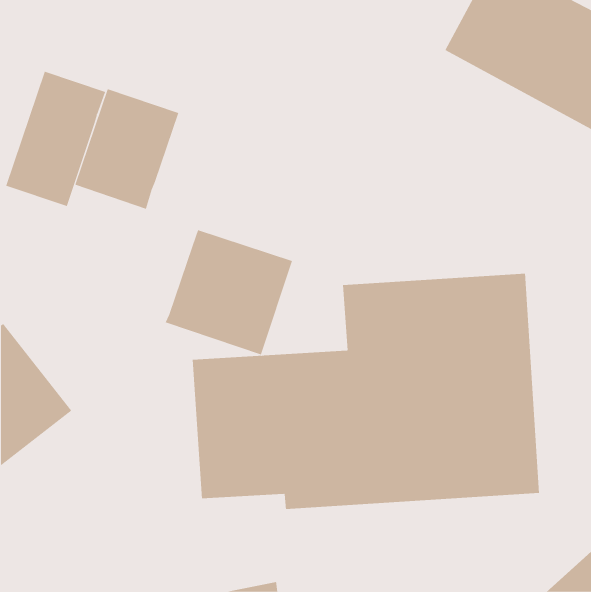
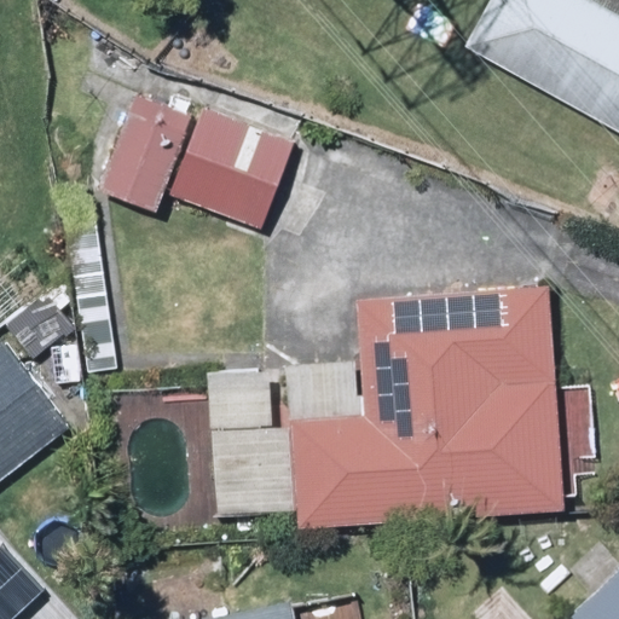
building: [6,71,106,207] -> none
building: [165,230,293,355] -> [162,100,295,231]

